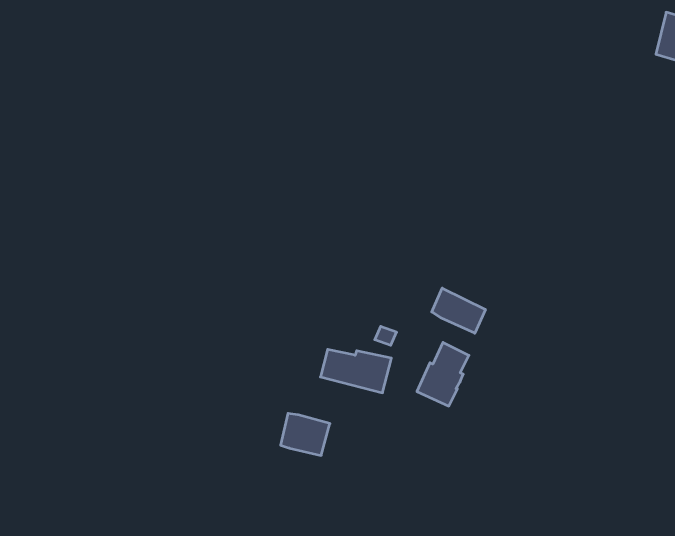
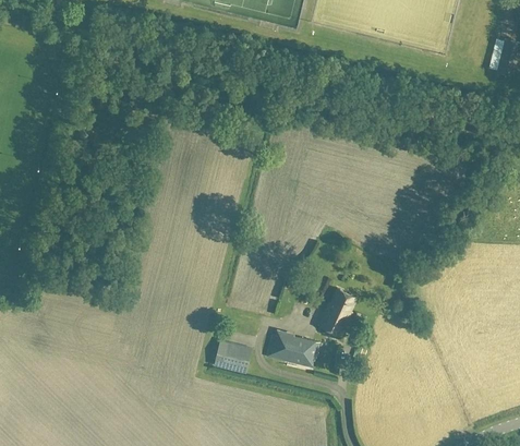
building: [432,288,485,333] -> none
building: [320,349,391,393] -> [263,334,316,366]

